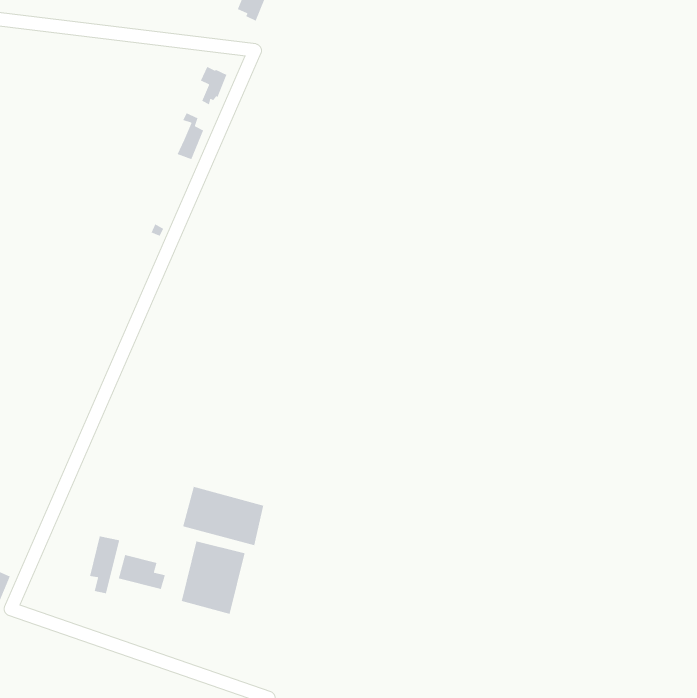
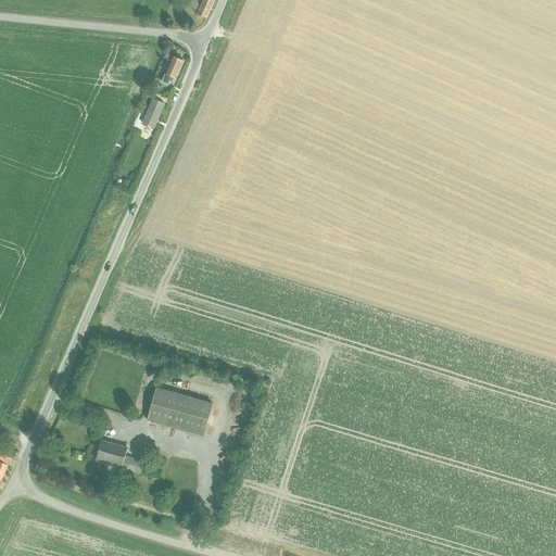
building: [89,535,120,594] -> none
building: [181,540,246,615] -> none

